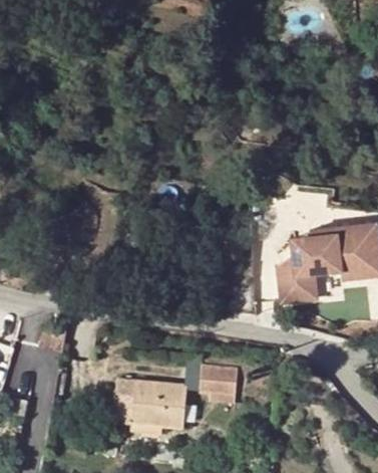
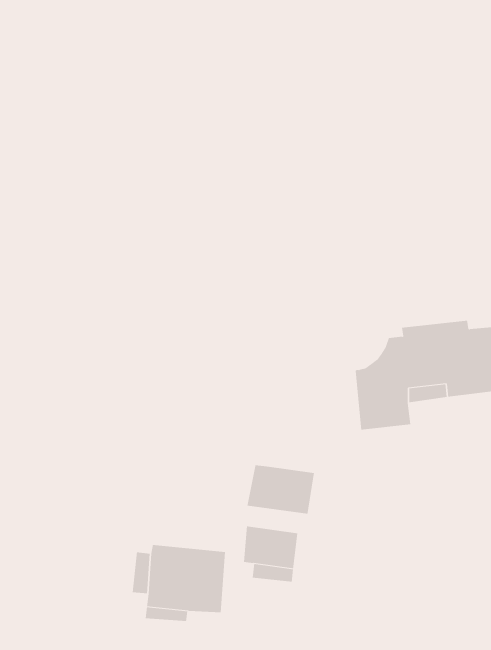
building: none -> [247,464,314,515]

